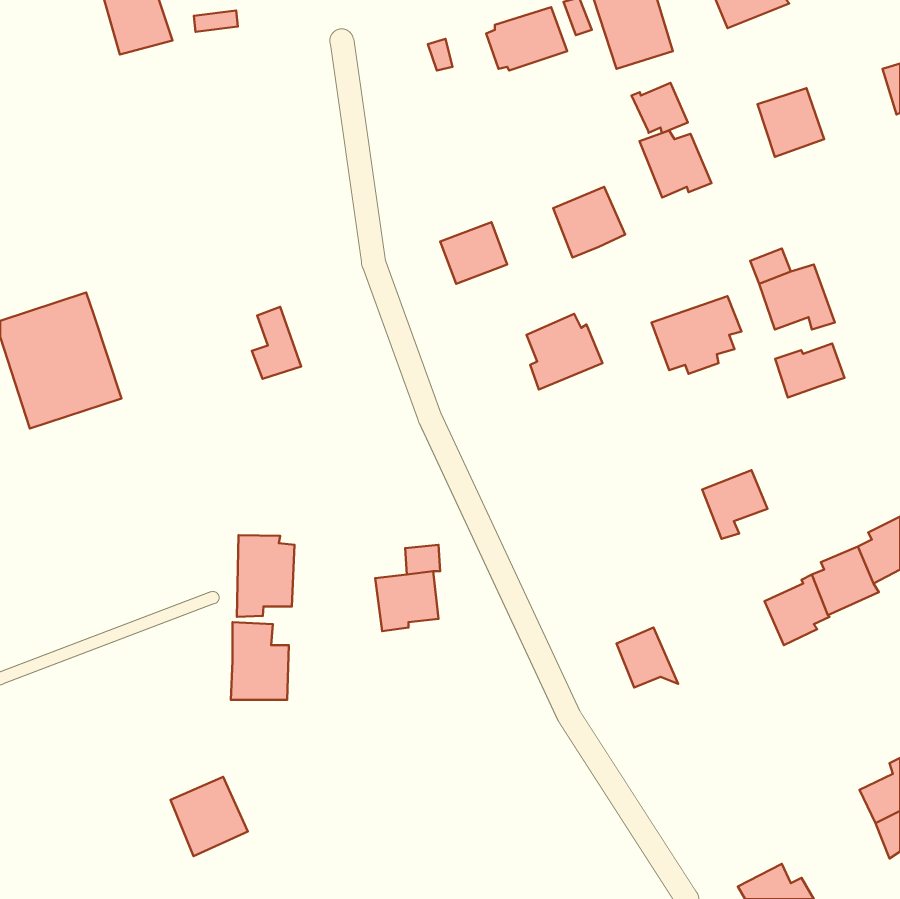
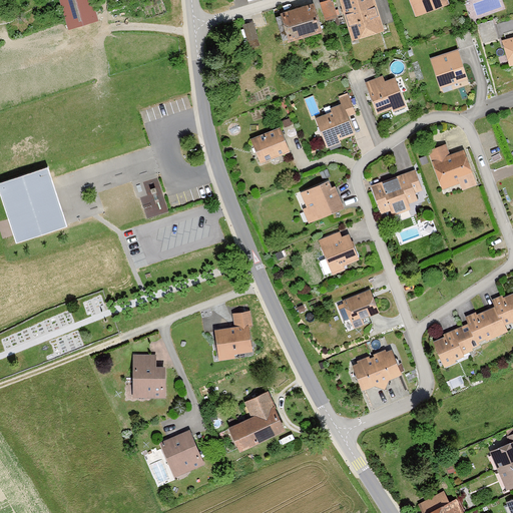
building: [631,83,688,133] -> none
building: [775,344,845,397] -> none
building: none -> [317,229,359,274]
building: [702,470,767,539] -> [342,289,379,328]
building: [237,535,294,617] -> none
building: none -> [372,349,400,389]
building: none -> [227,388,284,448]
building: [170,777,248,856] -> [160,431,204,476]

